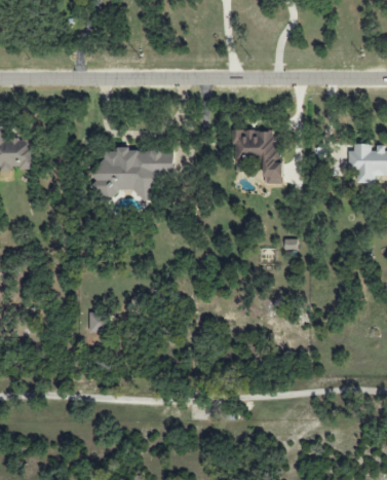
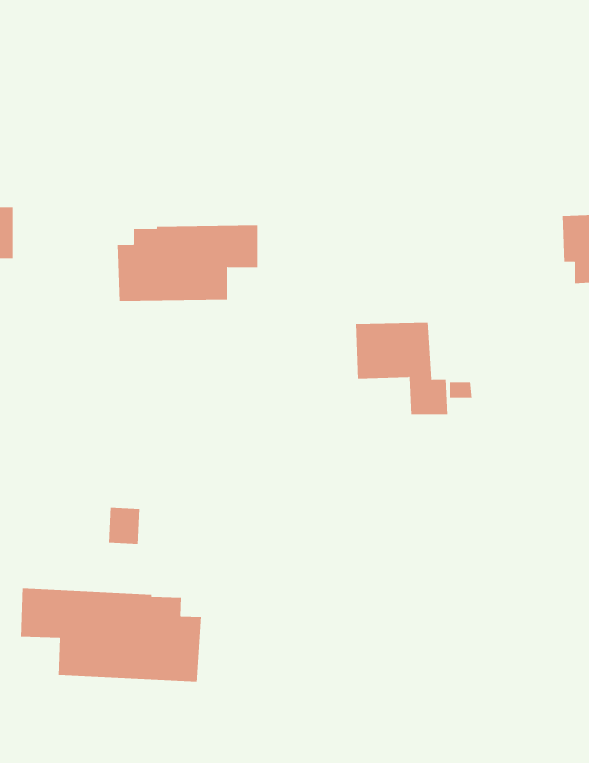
building: [232,130,285,183] -> [355,322,448,415]
building: none -> [21,588,201,682]

